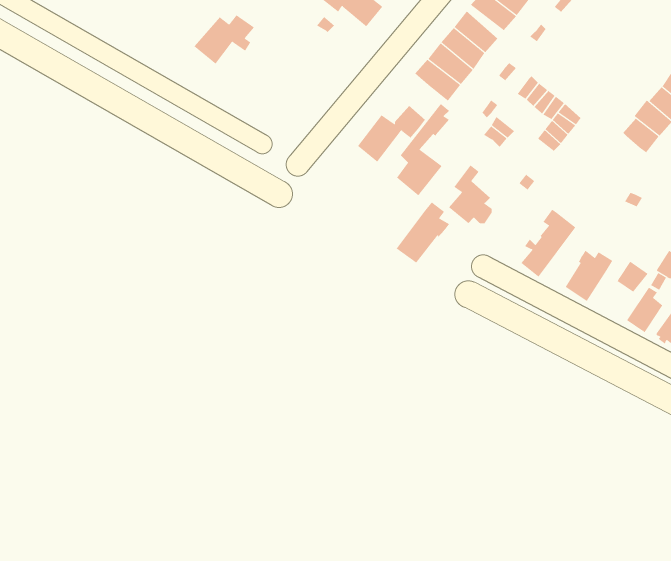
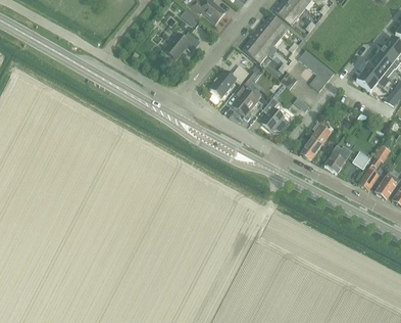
building: [194,15,255,65] -> [163,31,197,58]
building: [396,201,450,264] -> none

